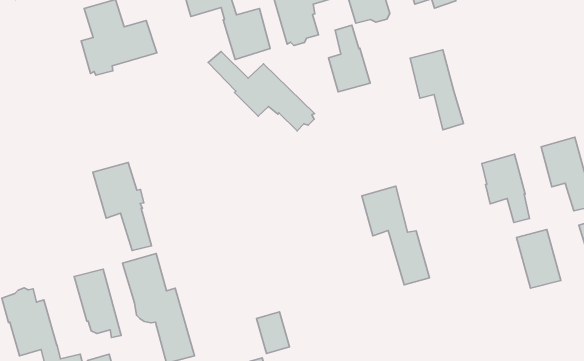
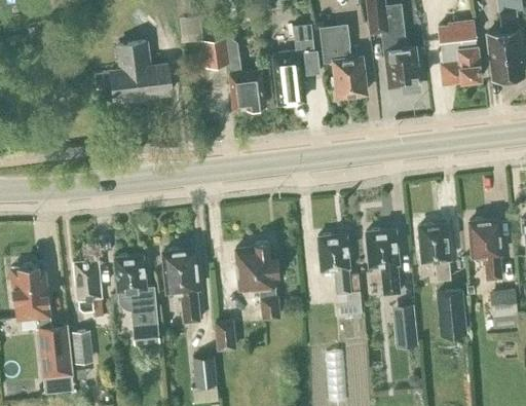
building: [328,25,370,92] -> none
building: [410,50,463,130] -> [367,230,401,295]
building: [208,51,315,131] -> none
building: [93,162,152,250] -> [163,250,200,322]
building: none -> [235,242,279,319]
building: none -> [391,304,418,349]

